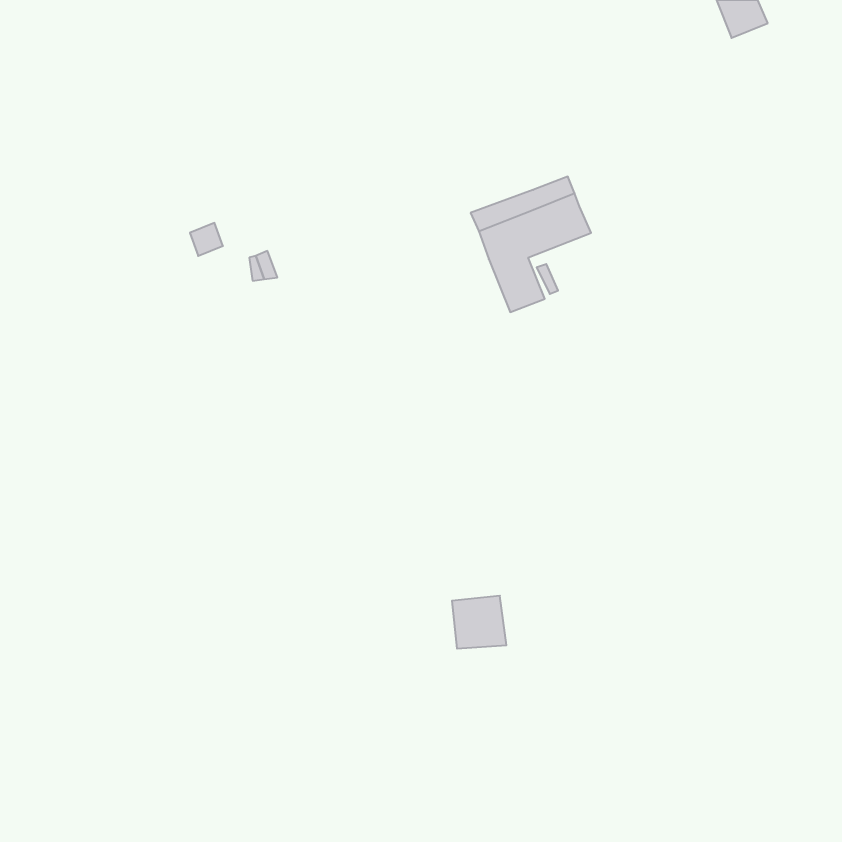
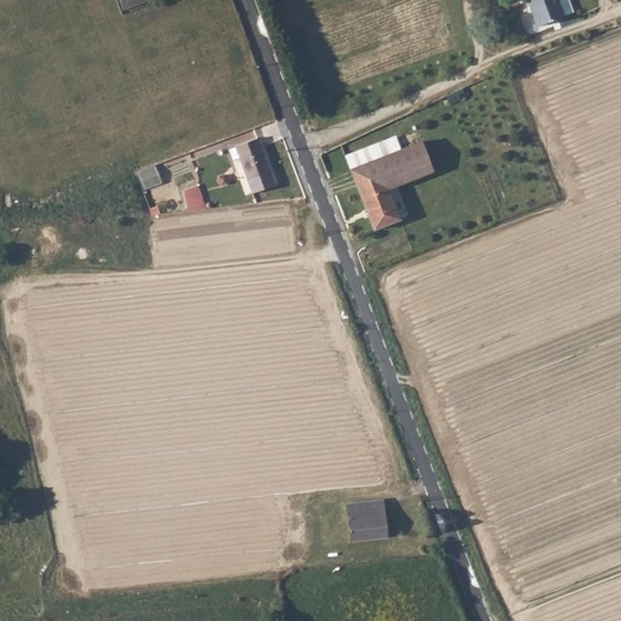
building: none -> [237,139,274,193]
building: [452,596,506,649] -> [347,501,387,540]

